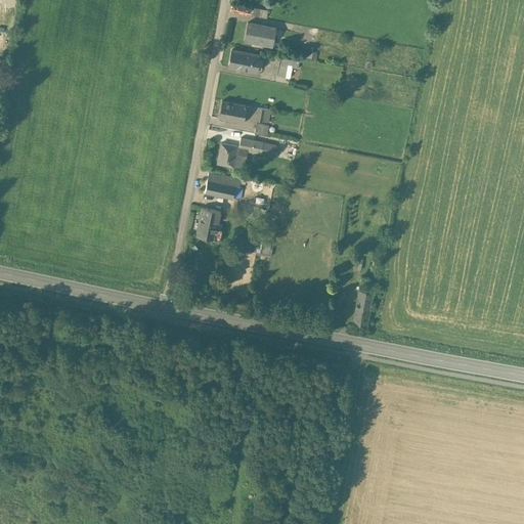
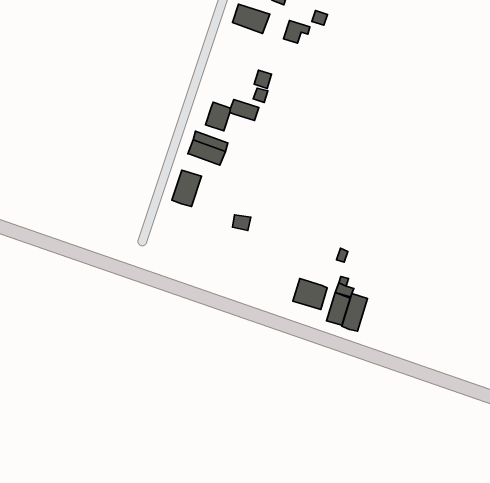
building: [220,101,248,124] -> none
building: none -> [293,279,327,309]
building: none -> [342,293,368,331]

